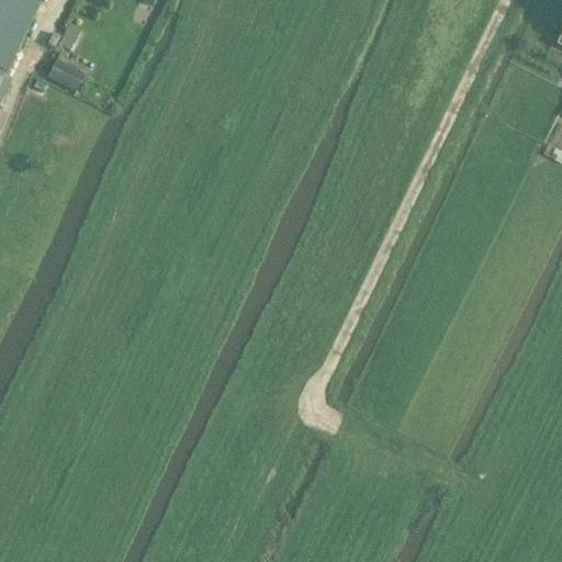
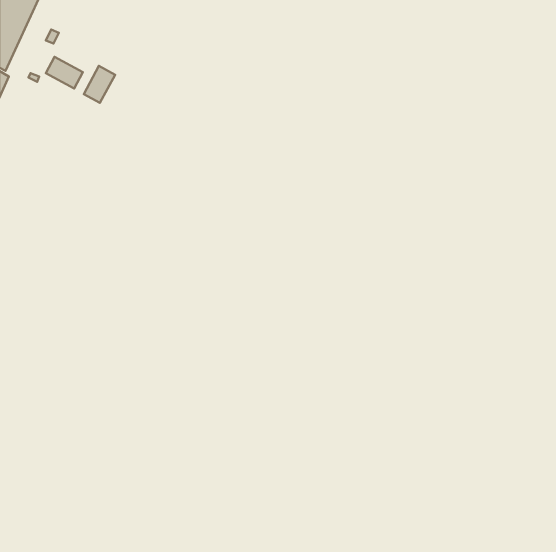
building: none -> [84,66,115,103]

